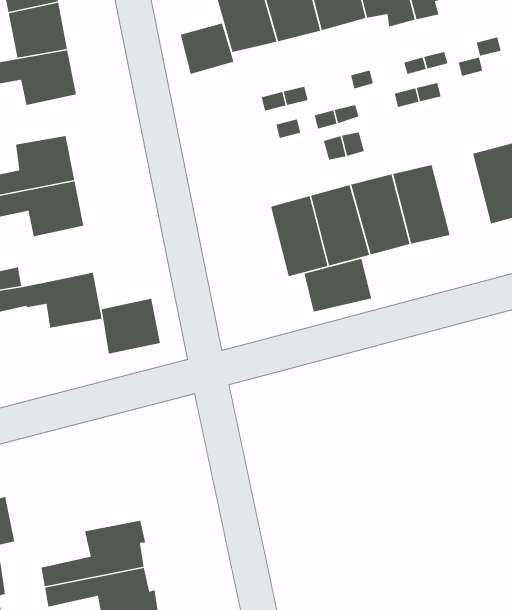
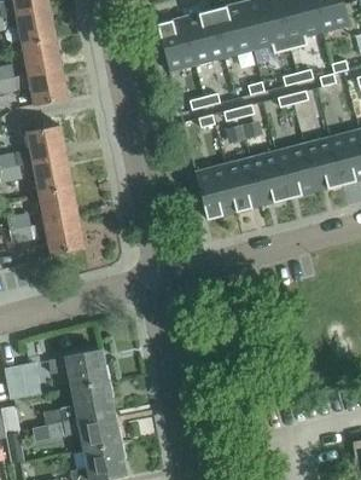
building: [180,22,235,75] -> none
building: none -> [303,137,342,191]
building: [303,258,372,313] -> none
building: [101,298,161,354] -> [39,185,78,222]
building: none -> [48,348,110,387]

